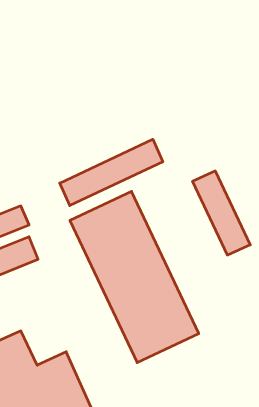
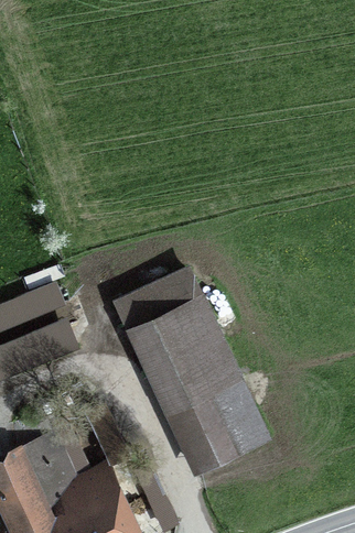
building: [60,139,163,206] -> none
building: [193,171,250,255] -> none

